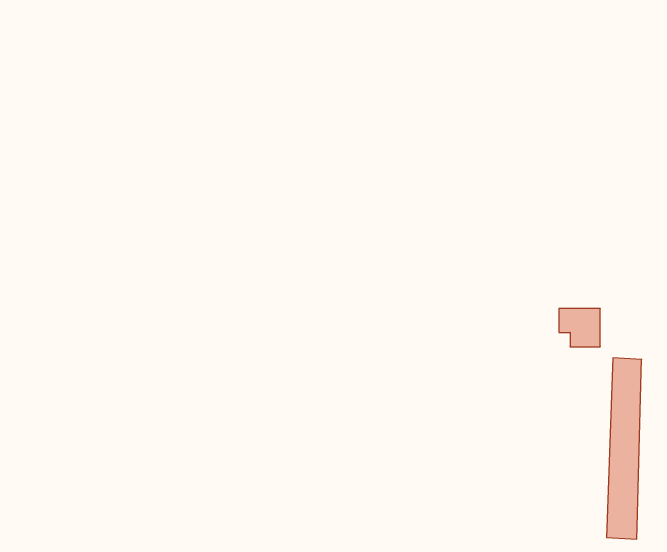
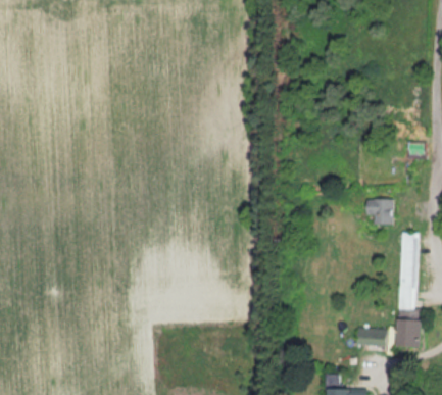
building: none -> [356,329,386,347]

